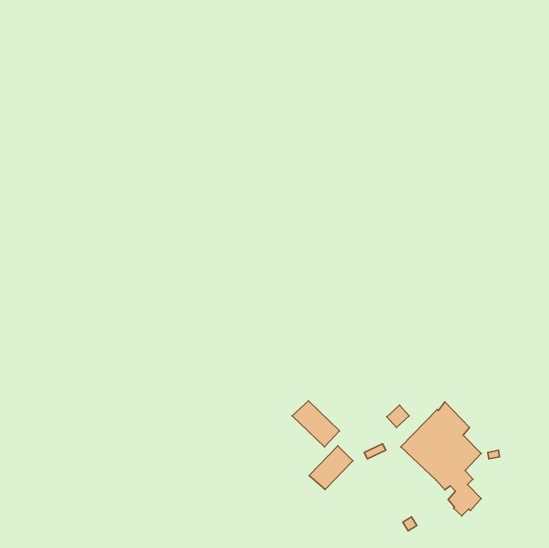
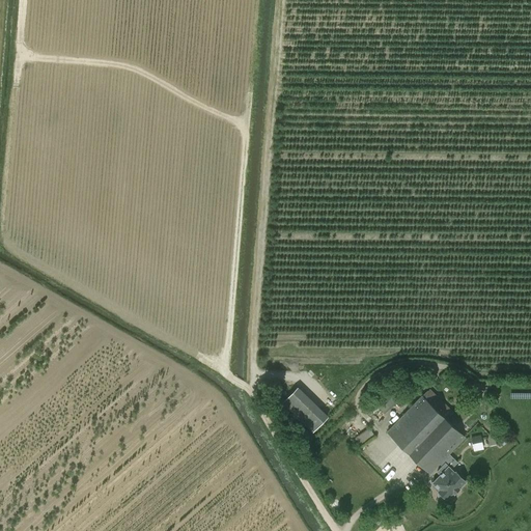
building: [309,446,353,490] -> none

